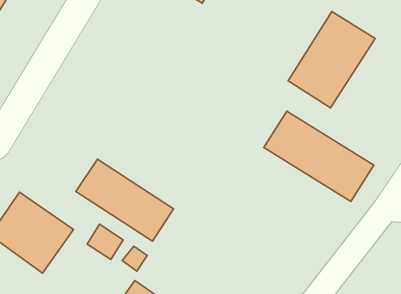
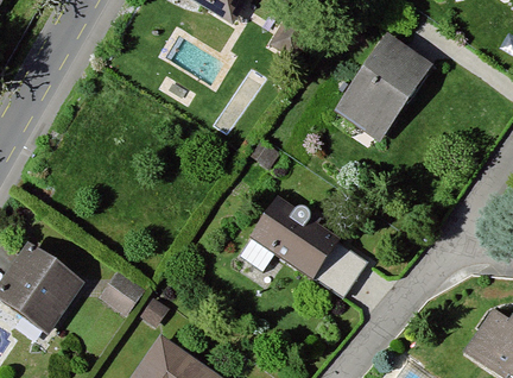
building: [264,111,374,201] -> [245,197,370,301]
building: [76,159,173,241] -> none

